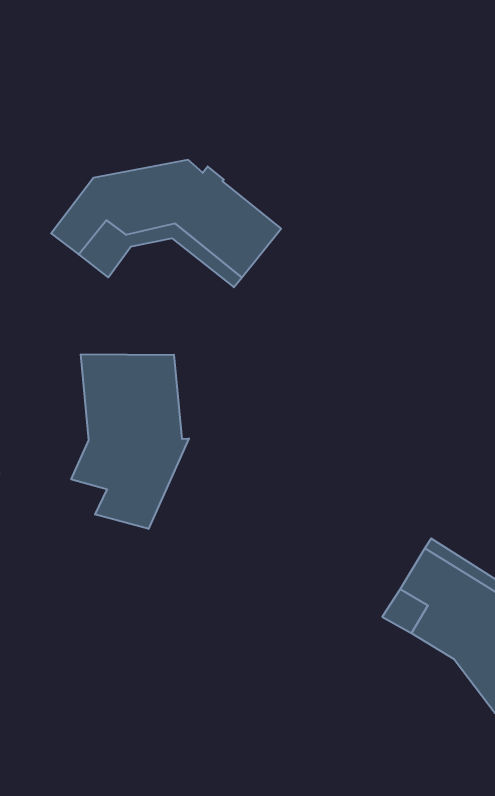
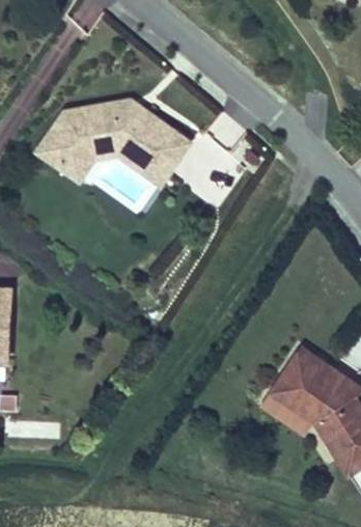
building: [71,354,189,529] -> none

